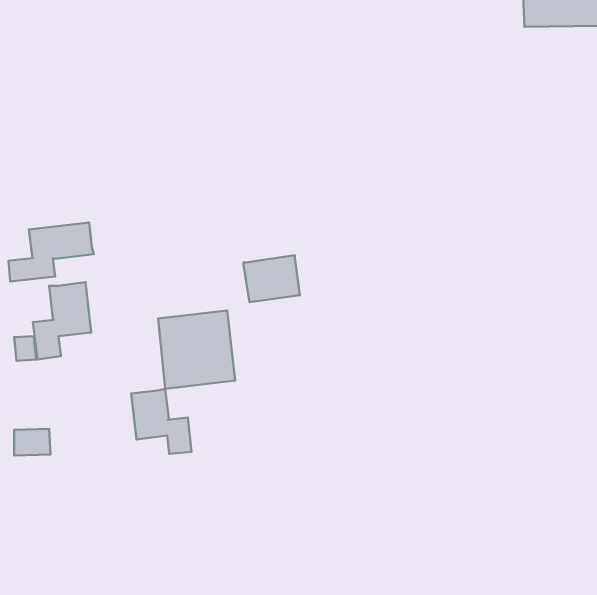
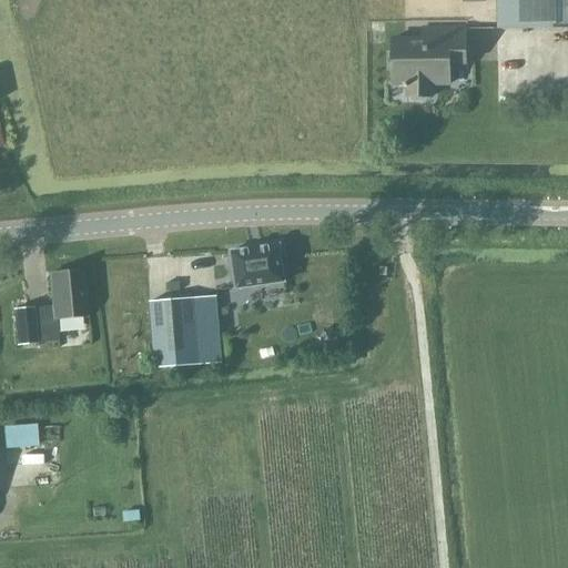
building: none -> [393,23,466,94]
building: [9,223,94,282] -> none
building: [131,389,191,454] -> none

